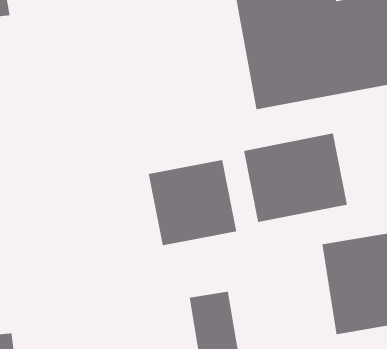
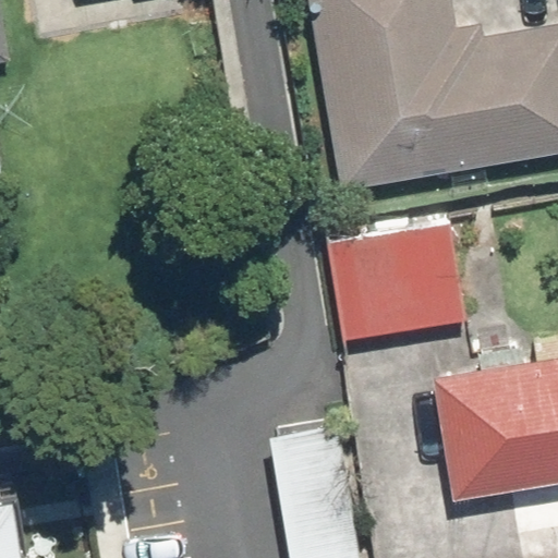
building: [148,159,237,246] -> none

